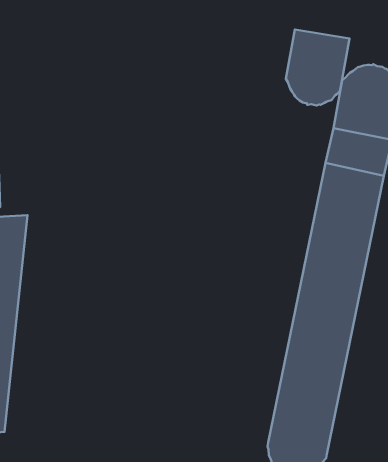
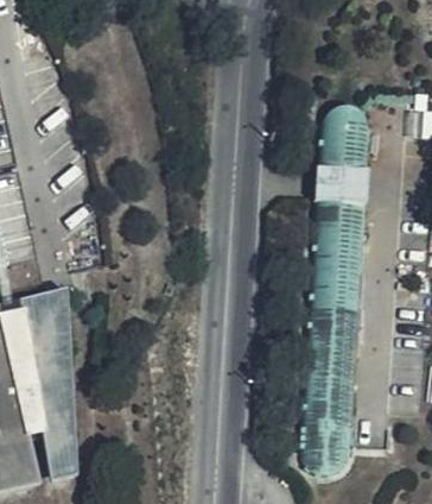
building: [286,30,350,105] -> none

